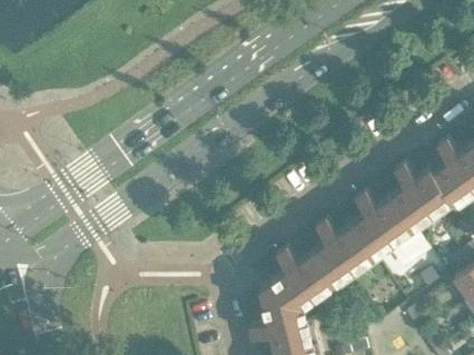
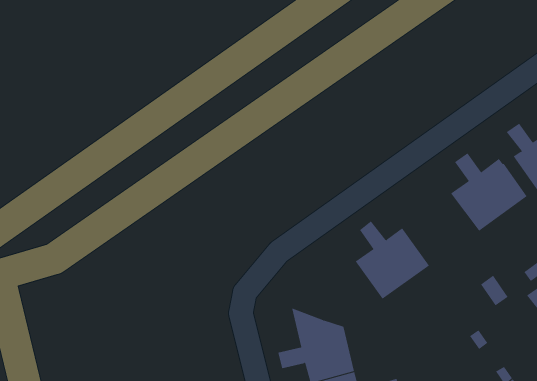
building: [349,189,412,254] -> none
building: [258,245,333,304] -> none

